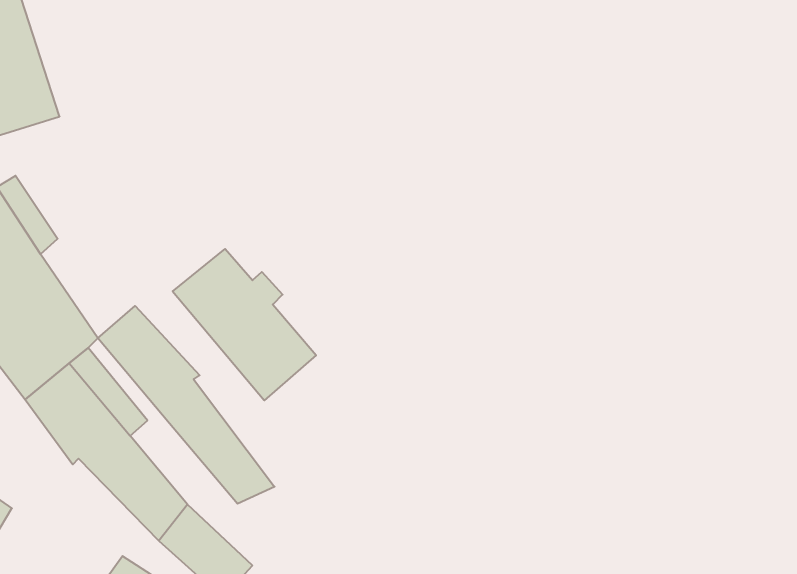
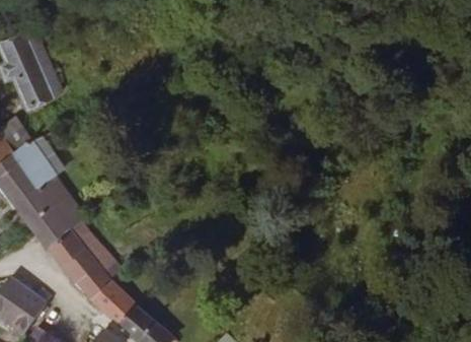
building: [173,249,316,400] -> none
building: [98,306,275,504] -> none

